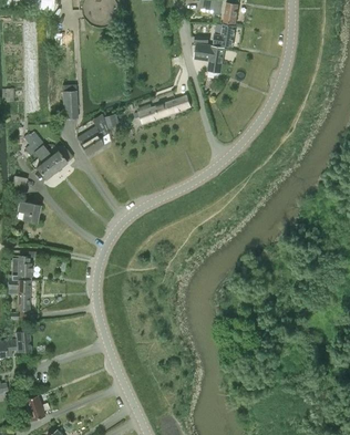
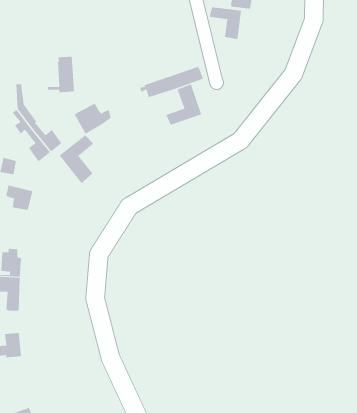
building: none -> [165,83,202,125]
building: none -> [59,134,94,184]

